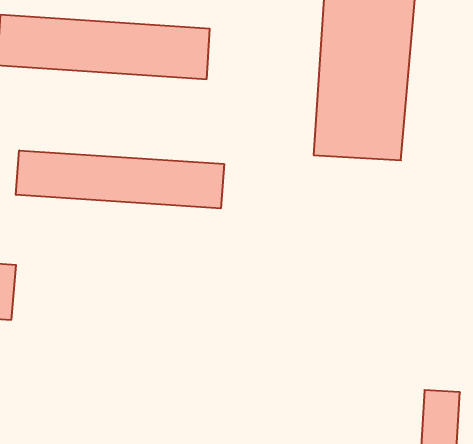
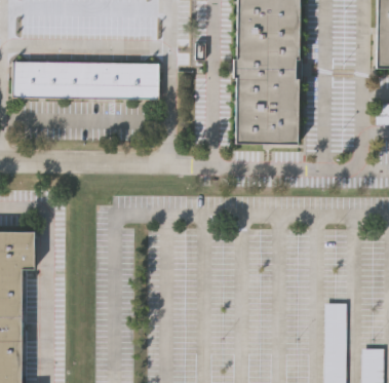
building: [16,150,224,208] -> none

